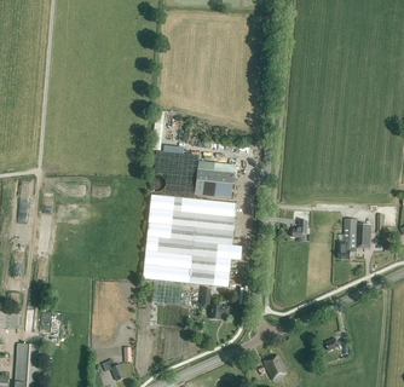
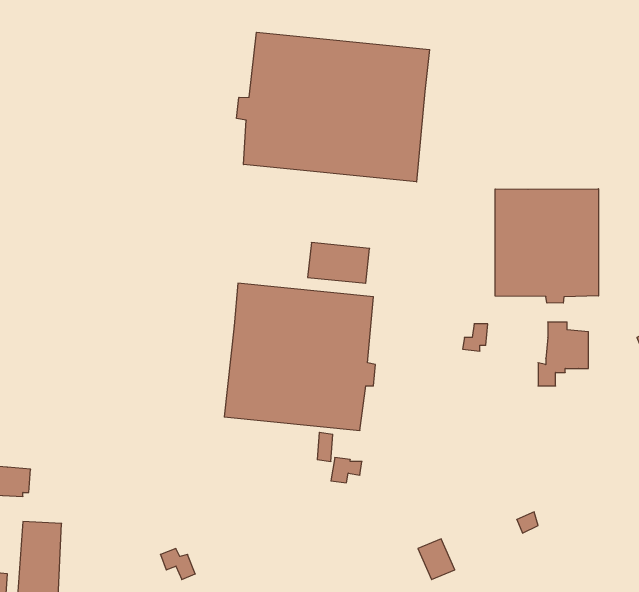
building: none -> [237,32,430,182]
building: none -> [495,189,598,303]

